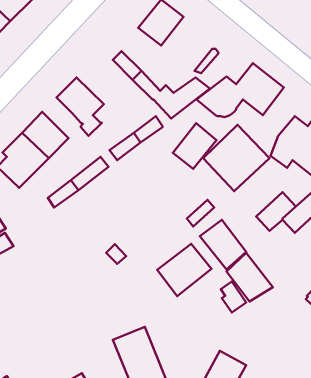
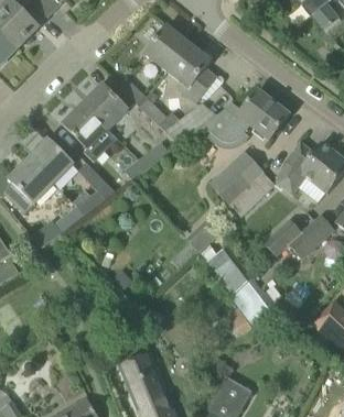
building: none -> [166,43,211,95]
building: none -> [82,84,129,130]
building: [173,123,217,169] -> none
building: [157,244,211,296] -> none

